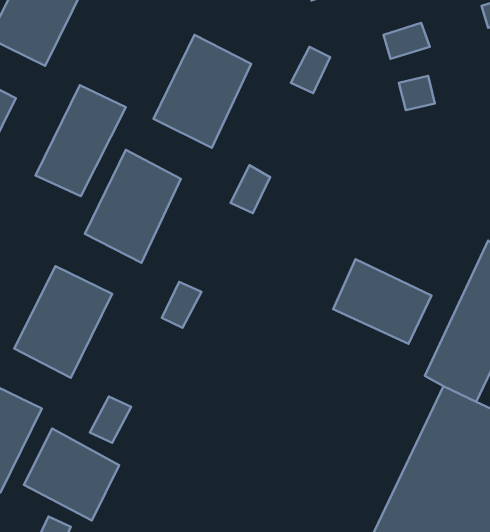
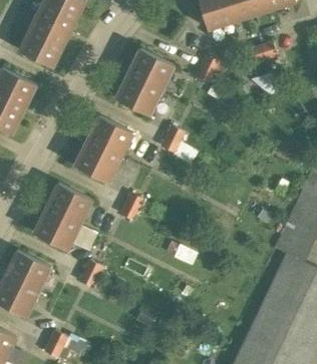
building: [35,85,126,196] -> none
building: [333,259,432,344] -> none
building: [24,429,119,521] -> none

